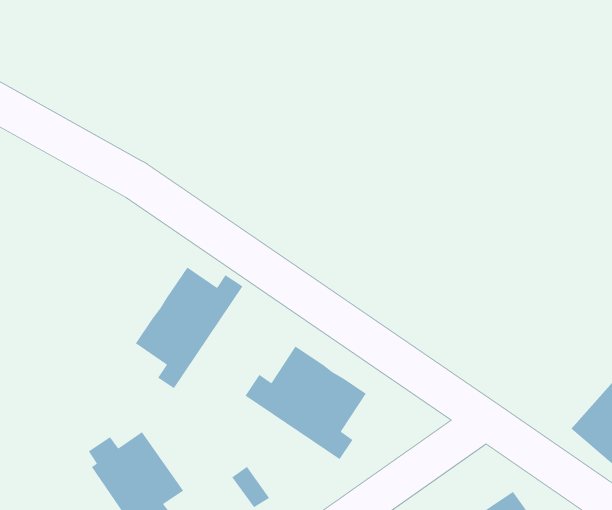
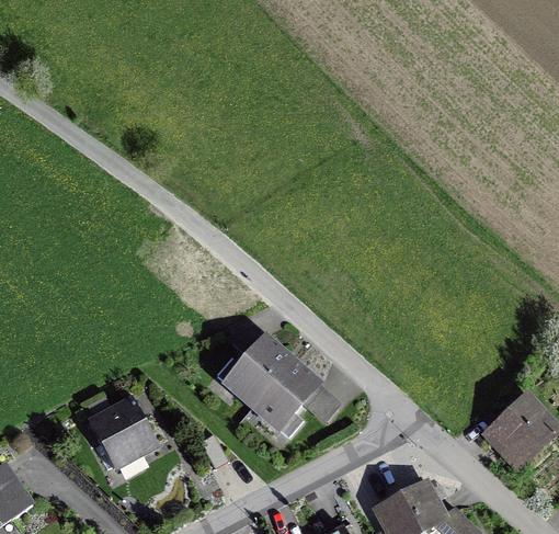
building: [135,266,243,389] -> none

